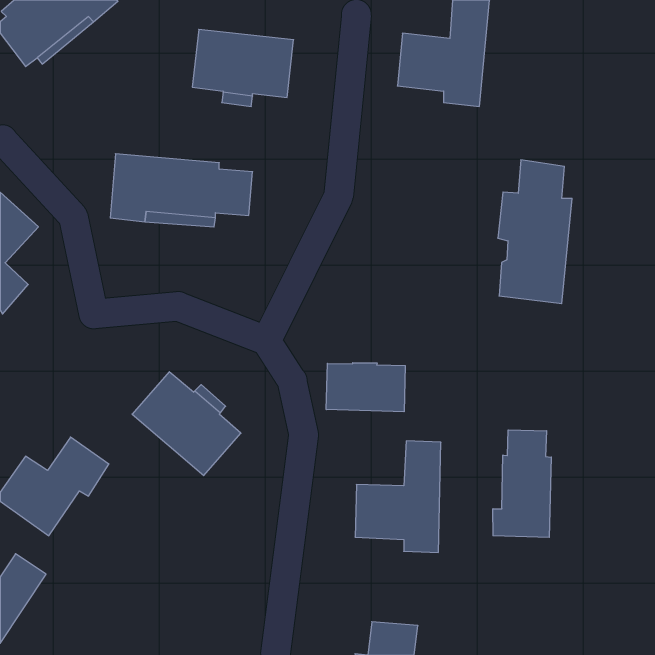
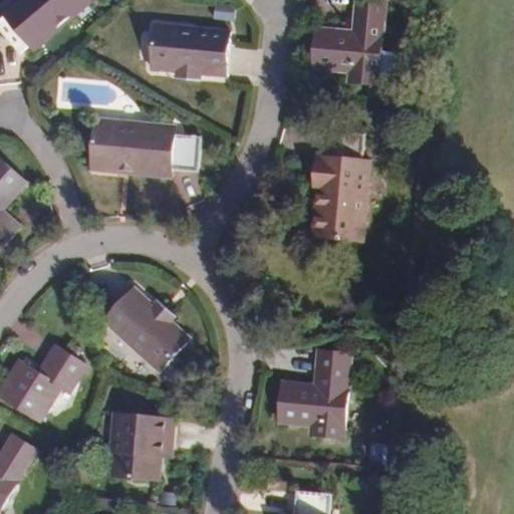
building: [498,160,572,304] -> [311,127,369,240]
building: [326,363,405,412] -> none
building: [493,430,551,537] -> none
building: none -> [107,410,173,476]

